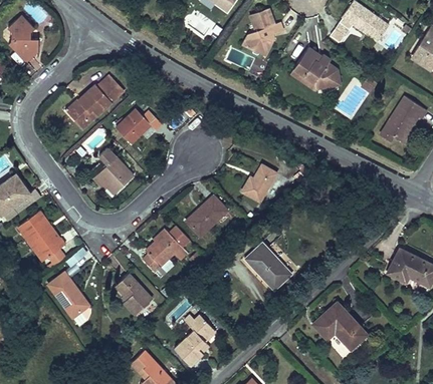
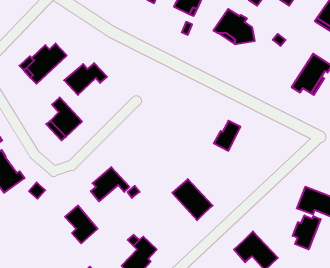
building: [244,164,275,200] -> [214,121,240,151]
building: [187,195,229,236] -> none
building: [46,275,90,321] -> none
building: none -> [293,215,321,249]

